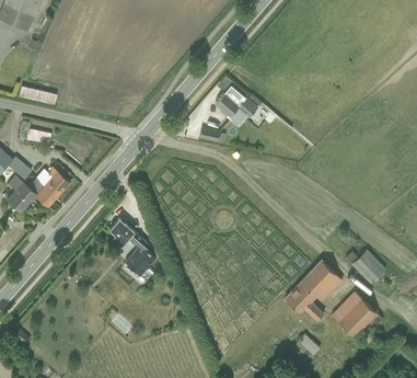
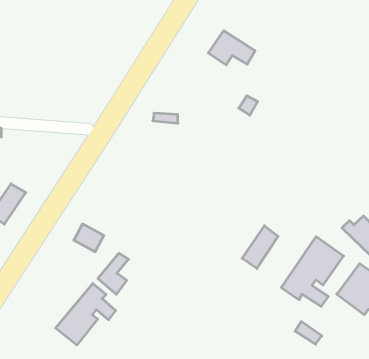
building: [215,84,256,117] -> [208,31,255,65]
building: none -> [242,226,278,269]
building: none -> [56,283,116,345]

